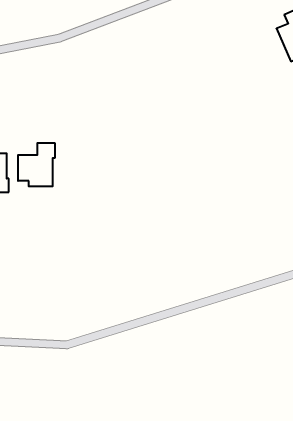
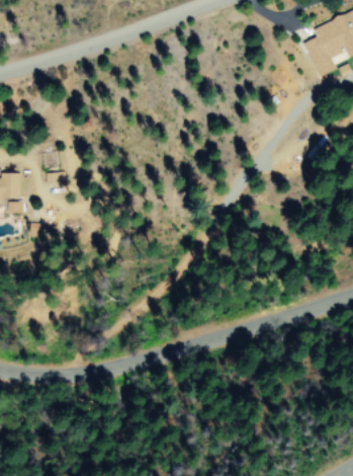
building: [18,143,55,186] -> none

